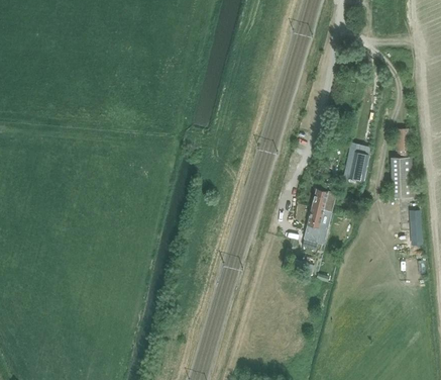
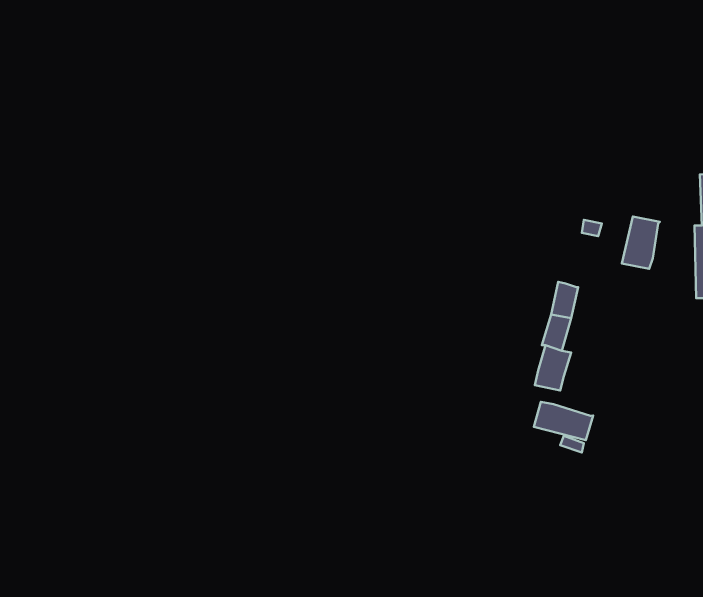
building: none -> [534,402,593,440]

